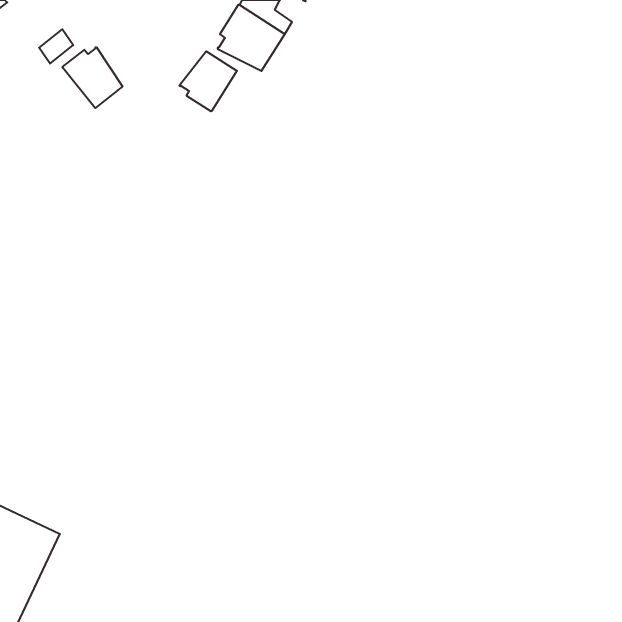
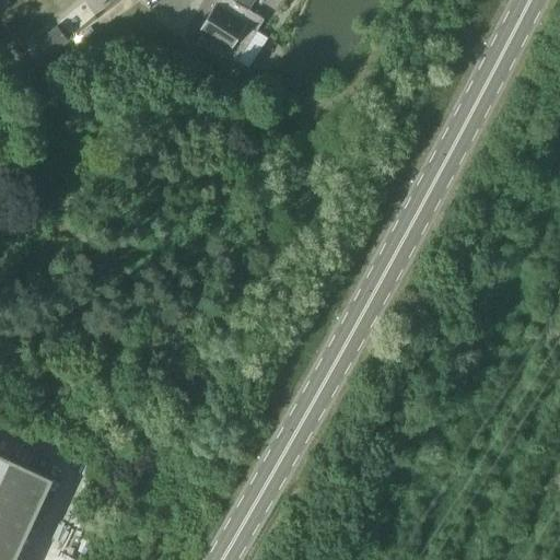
building: [63,47,122,108] -> none
building: [180,51,237,111] -> none

